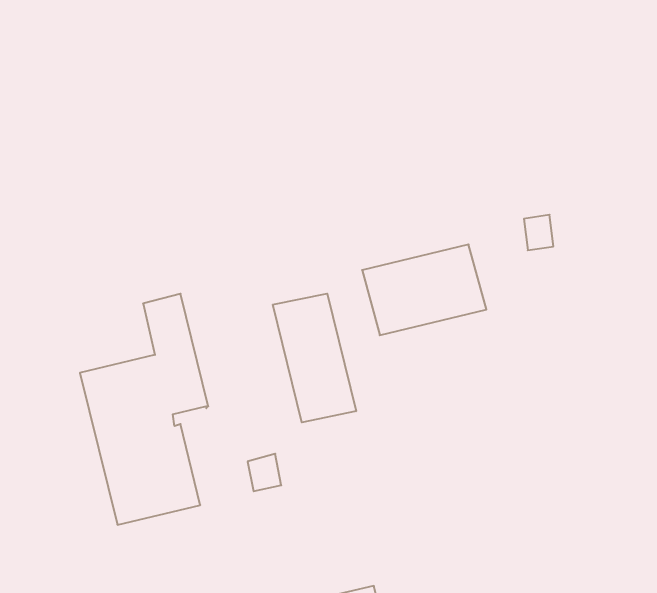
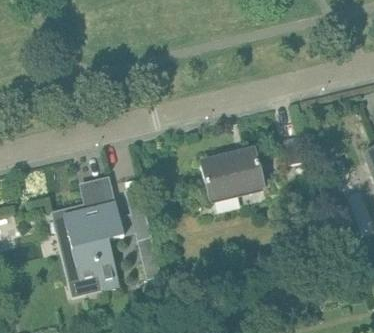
building: [273,294,356,422] -> none

